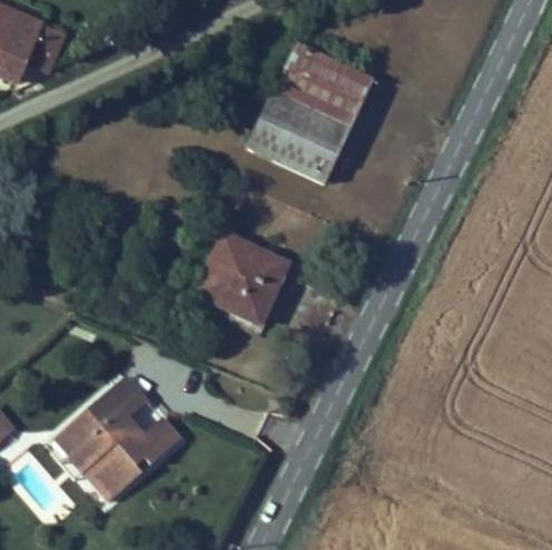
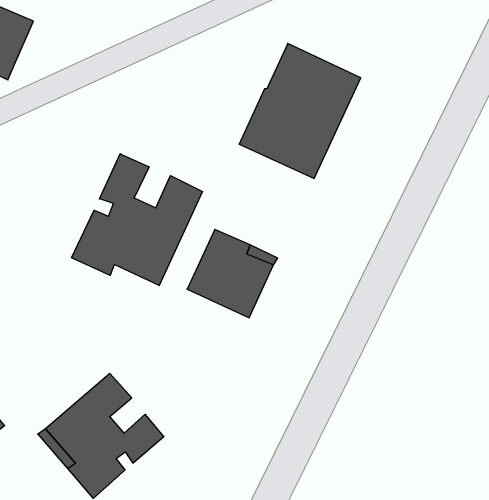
building: [28,23,68,70] -> none
building: none -> [71,154,203,286]

